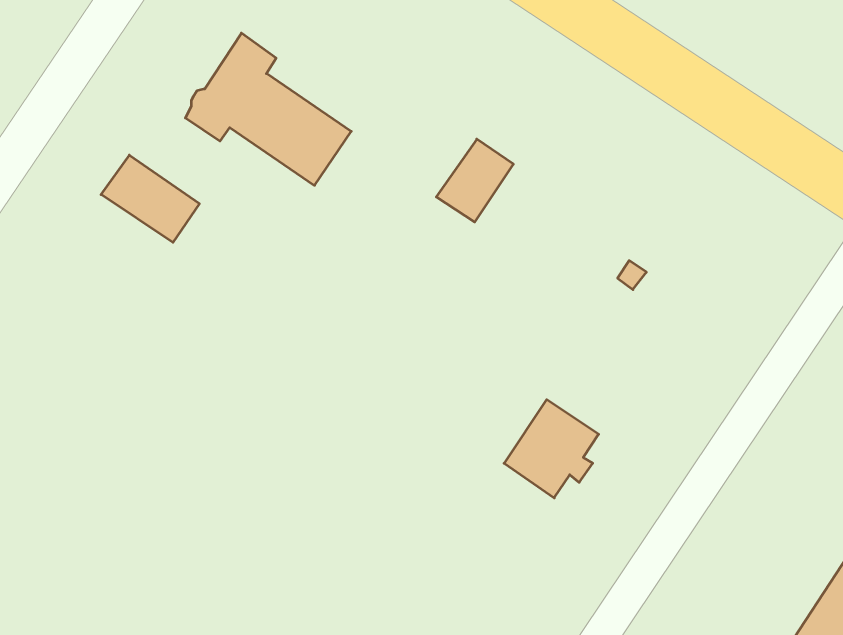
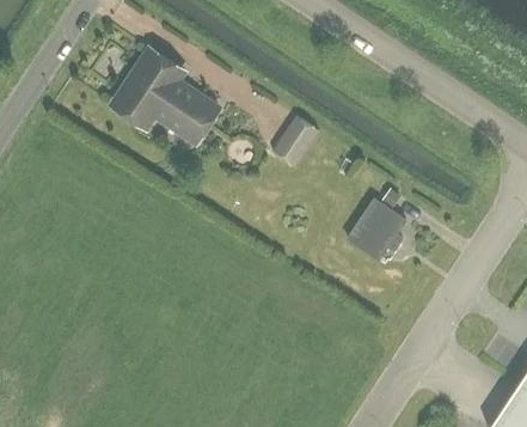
building: [101,155,199,242] -> none
building: [504,400,599,498] -> [348,200,406,261]

